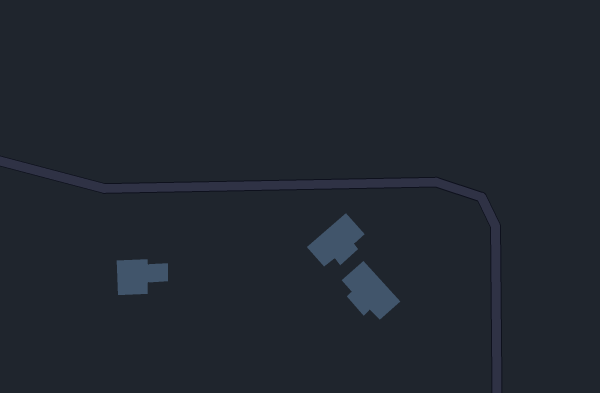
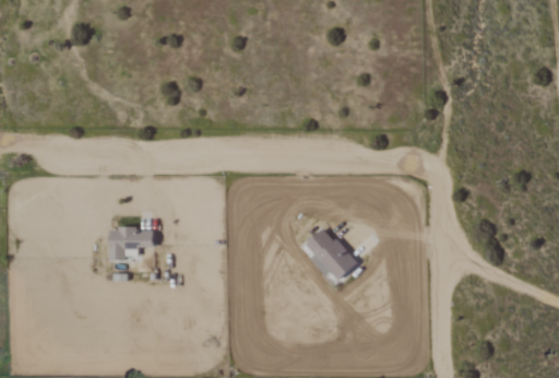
building: [306,212,365,268] -> none

